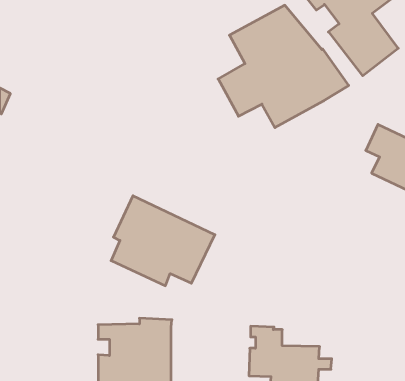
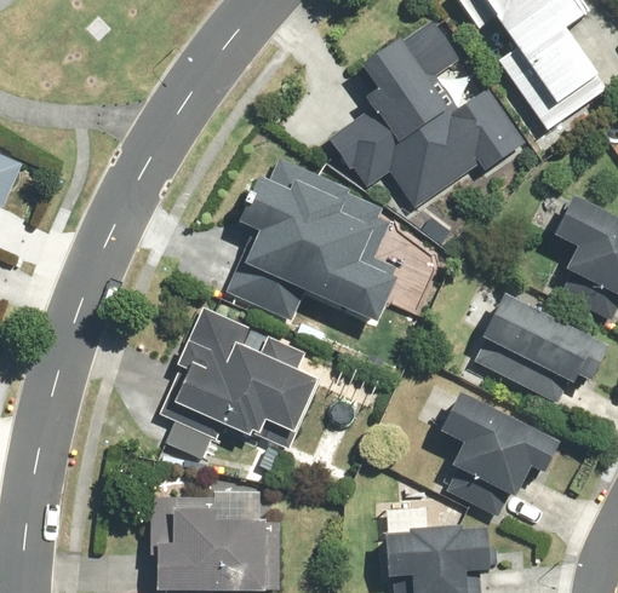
building: none -> [233,157,407,310]
building: none -> [479,294,605,384]
building: none -> [428,385,557,496]

